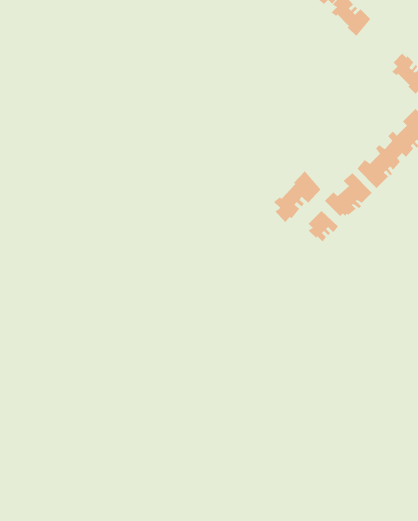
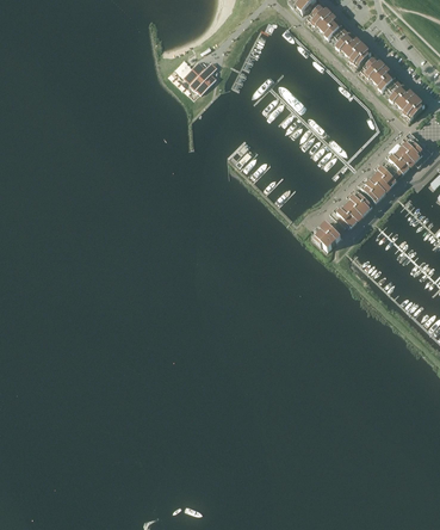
building: none -> [359,55,397,91]
building: none -> [181,60,215,93]
building: [273,171,321,223] -> none

